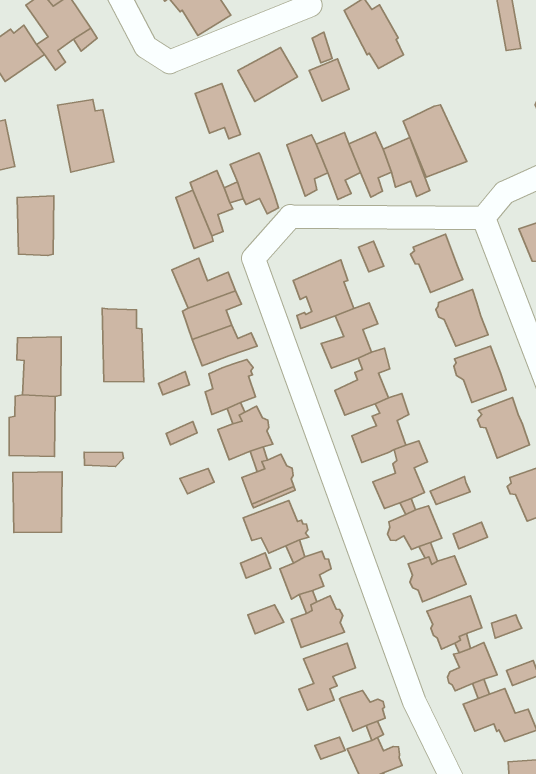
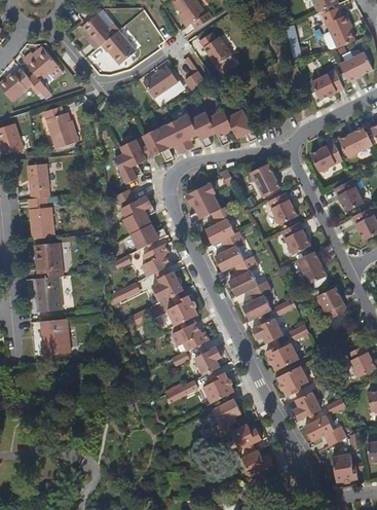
building: [195,83,240,139] -> [158,120,186,151]
building: [403,105,467,177] -> none
building: [102,308,144,382] -> [25,196,52,239]

